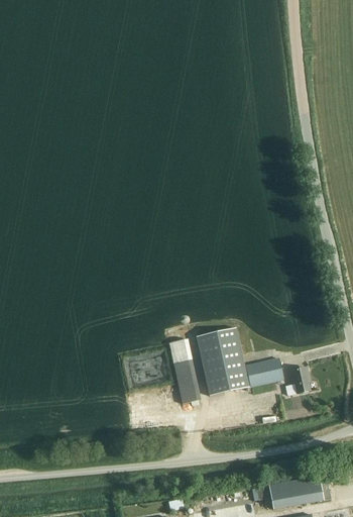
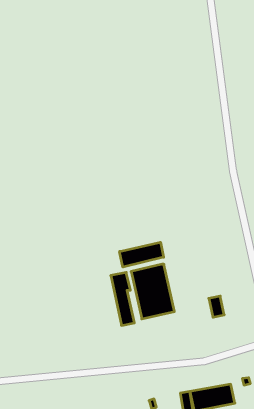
building: none -> [120,242,164,267]
building: [245,357,283,386] -> none

